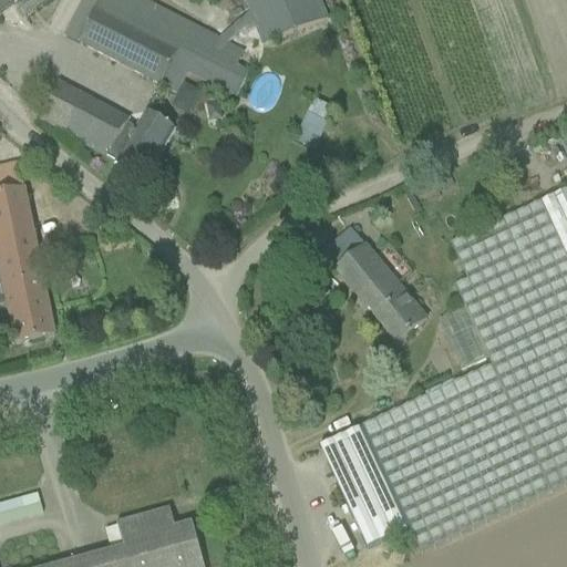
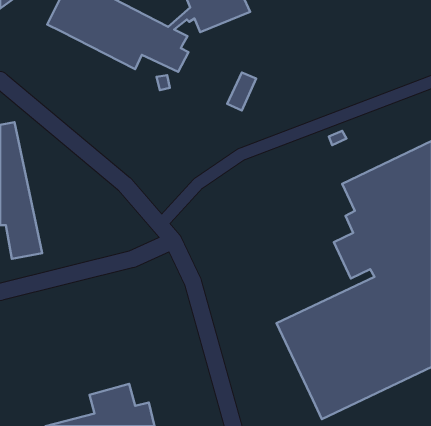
building: [42,80,176,178] -> none
building: [323,227,427,340] -> none
building: [320,424,411,546] -> none

